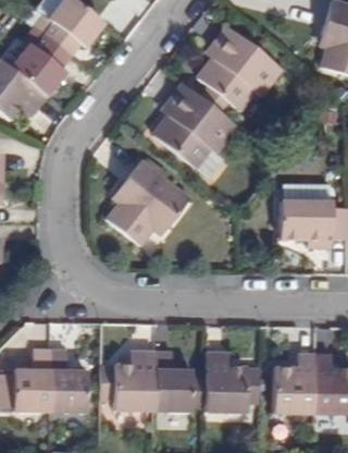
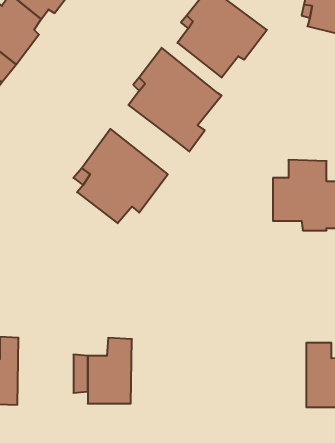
building: [50,348,88,409] -> none
building: [153,350,190,412] -> none
building: [204,350,246,412] -> none
building: [274,352,313,412] -> none

